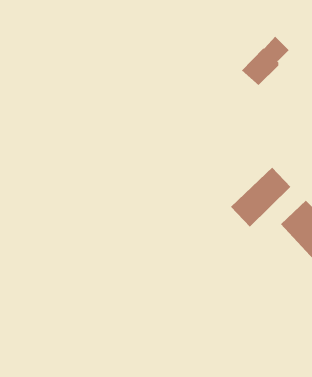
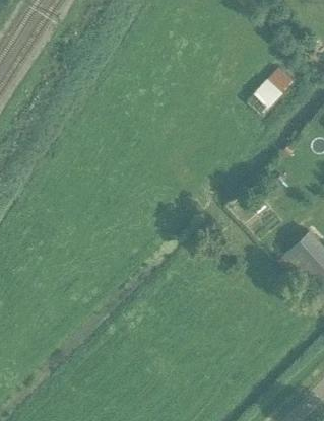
building: [230,167,291,227] -> none

